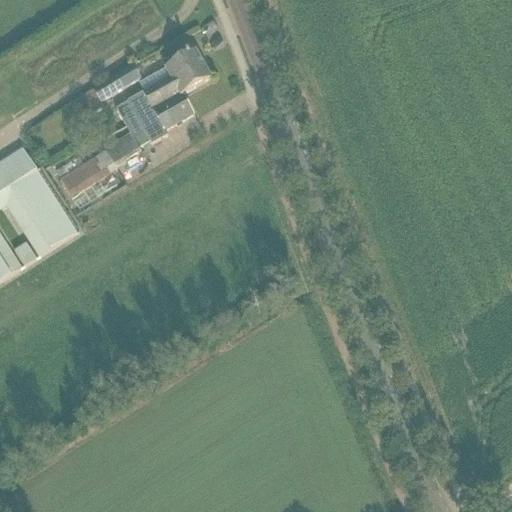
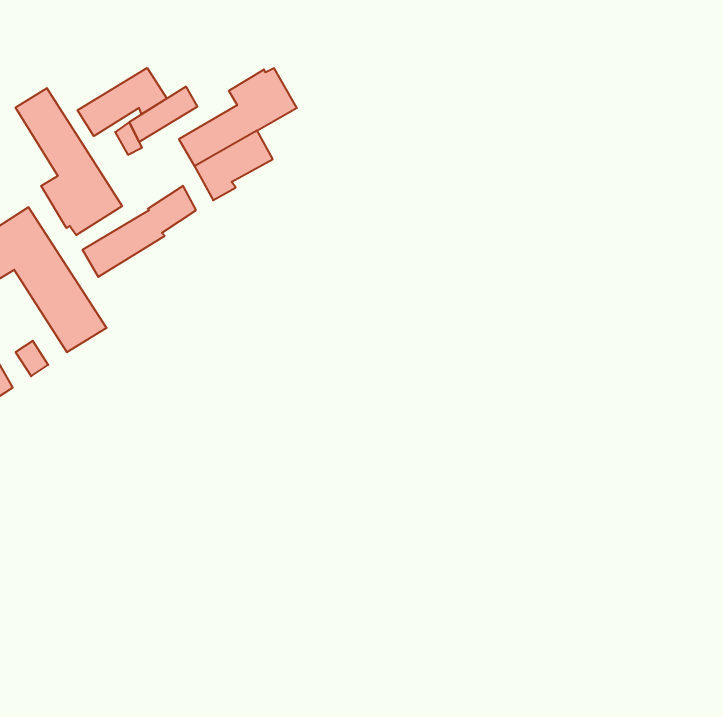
building: none -> [77,68,167,136]
building: none -> [16,88,122,235]

